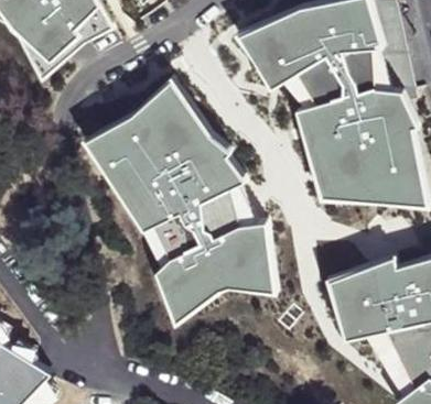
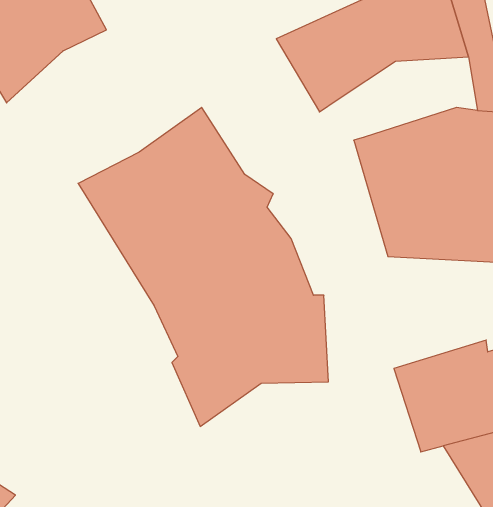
building: [282,50,386,109] -> none

